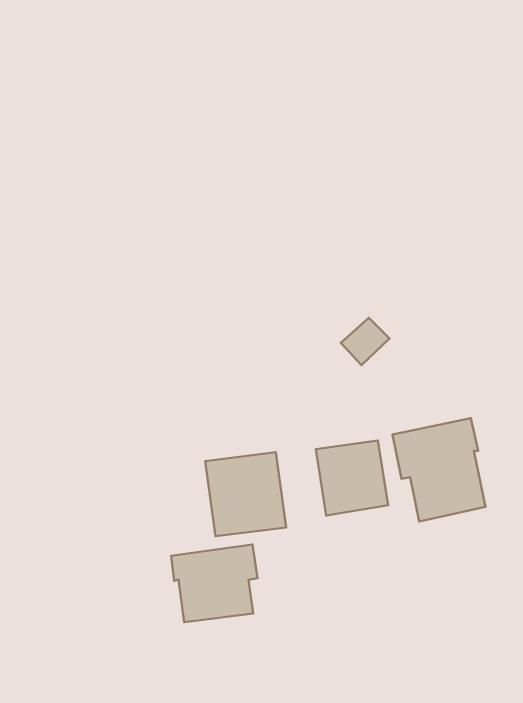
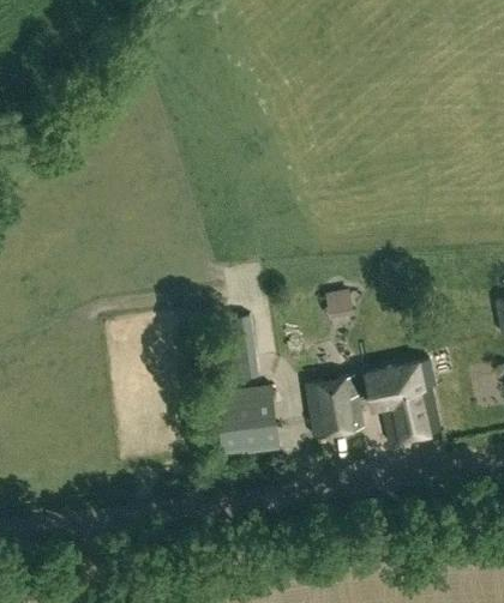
building: none -> [223,315,259,380]
building: [171,545,257,622] -> none

